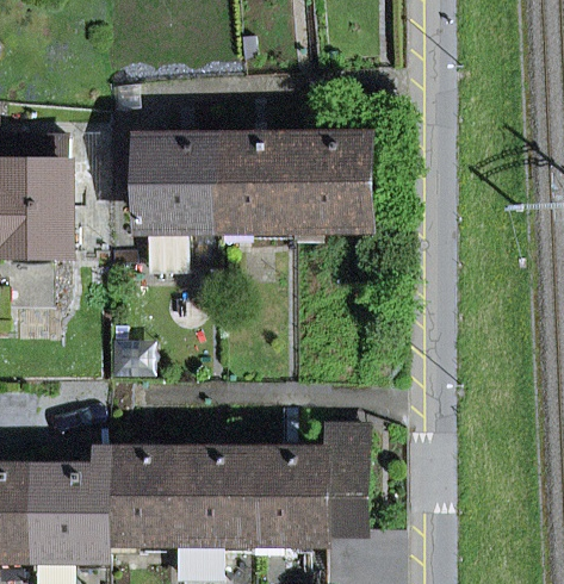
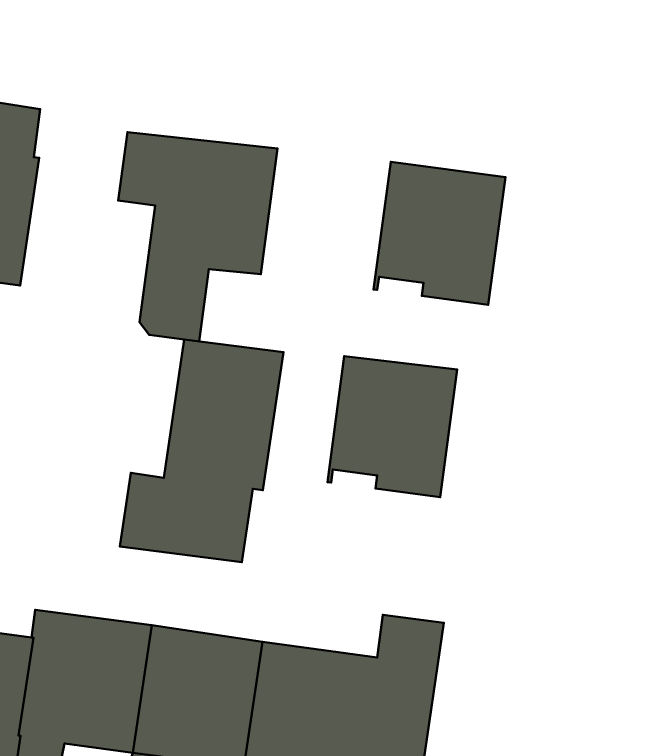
building: [223,138,296,220] -> [327,356,457,497]
building: none -> [120,340,283,562]

